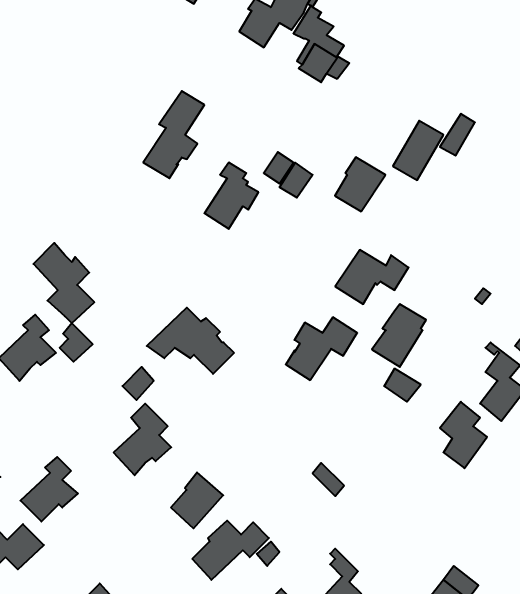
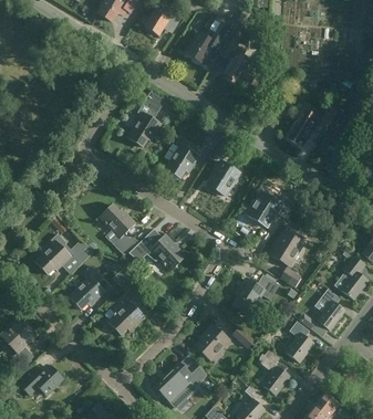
building: [335,157,385,211] -> [208,160,240,195]
building: [33,243,94,323] -> [100,203,138,254]
building: [286,317,357,380] -> [234,274,279,314]
building: none -> [286,321,314,363]
building: [20,457,78,522] -> [69,268,105,308]
building: [171,472,223,528] -> [196,324,229,359]
building: none -> [258,349,290,395]

